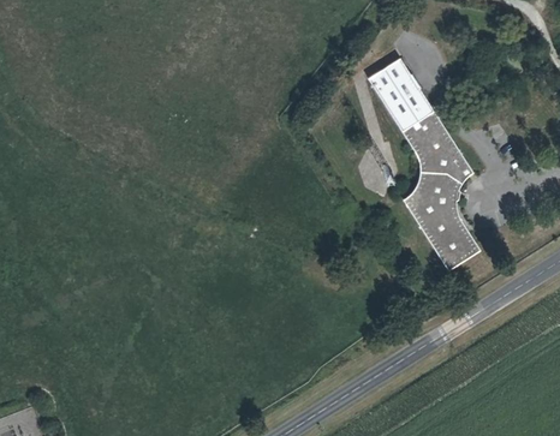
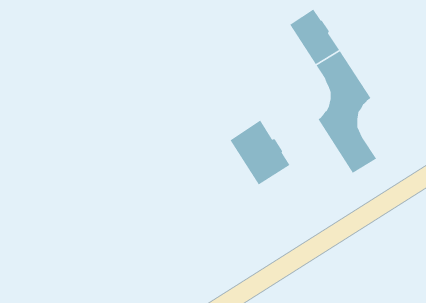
building: none -> [230,119,291,186]

